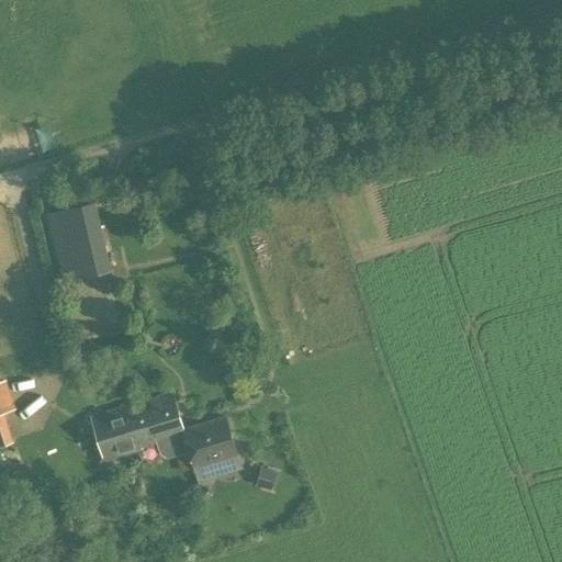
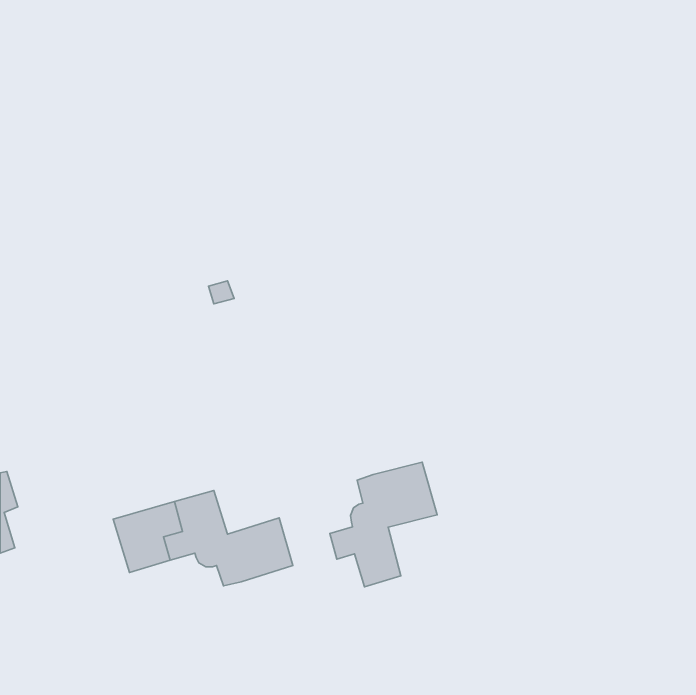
building: [44,200,111,281] -> none
building: none -> [330,462,437,587]

